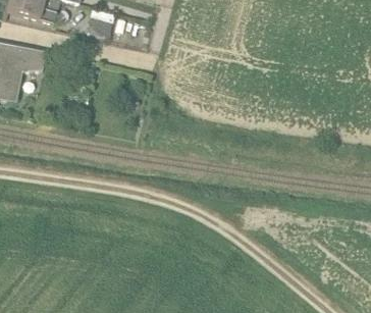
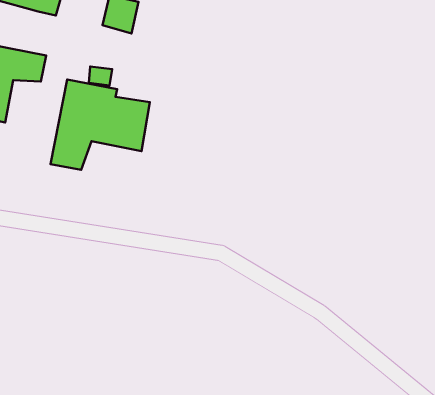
building: none -> [50,79,150,170]

